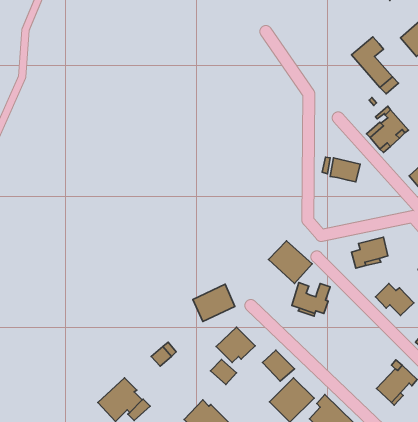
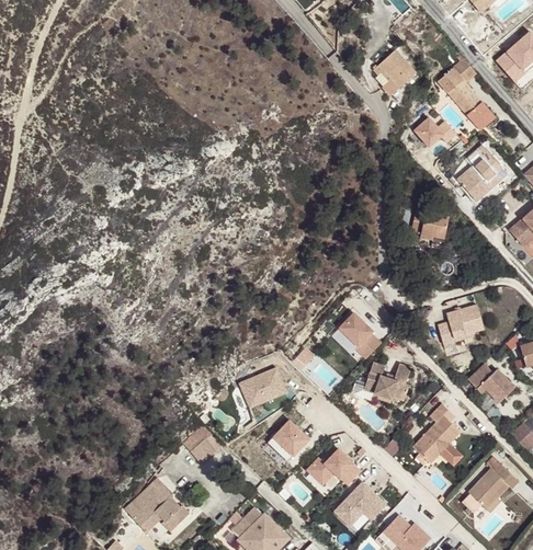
building: none -> [372,49,415,95]
building: none -> [416,113,451,149]
building: none -> [412,403,462,466]
building: [211,359,236,384] -> [307,455,339,485]

